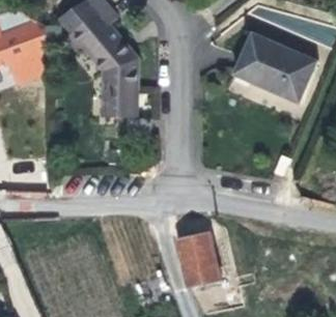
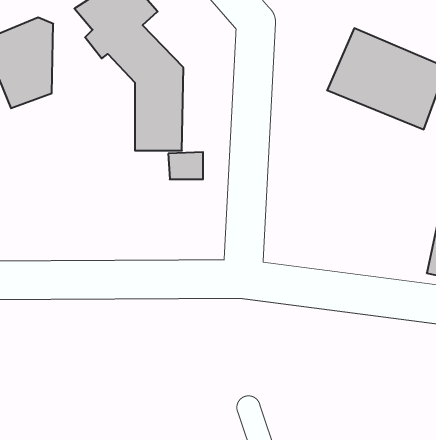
building: [177,233,221,287] -> none

